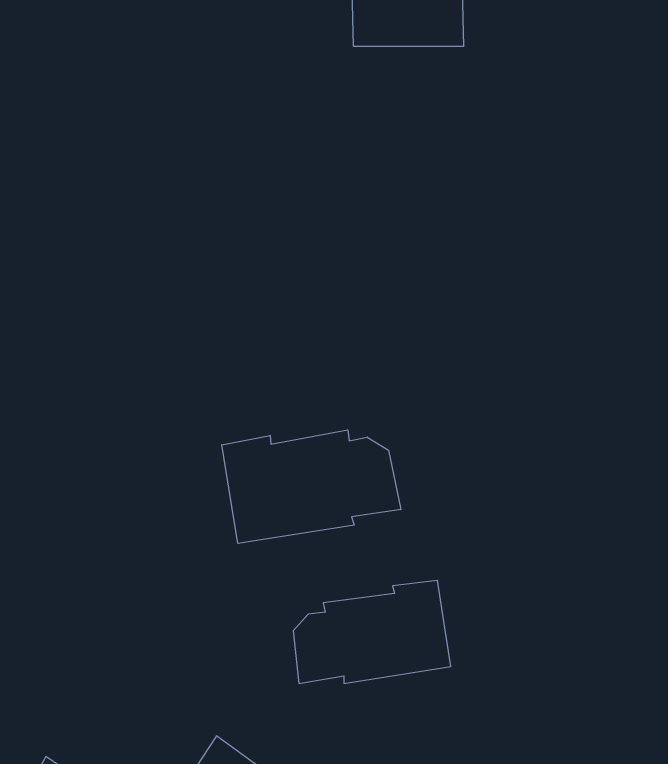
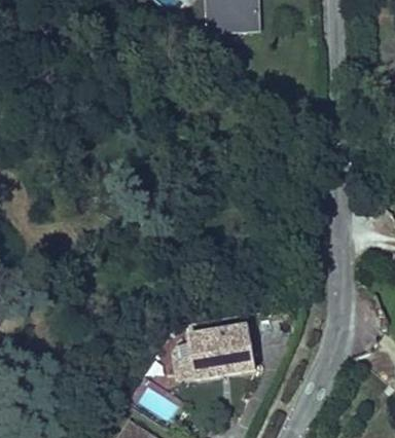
building: [222,430,401,543] -> none

